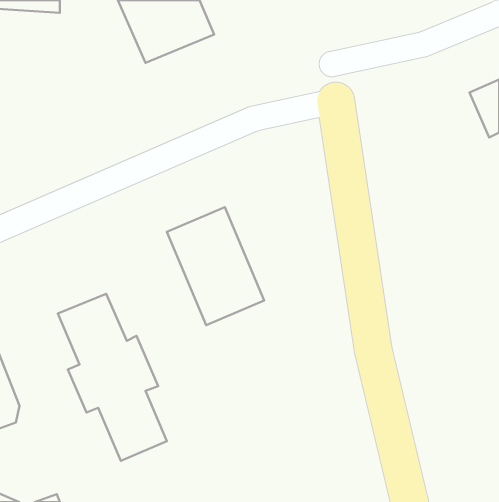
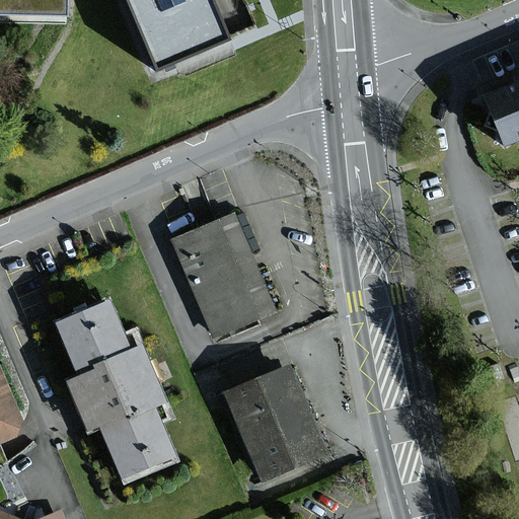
building: none -> [226,366,323,477]

